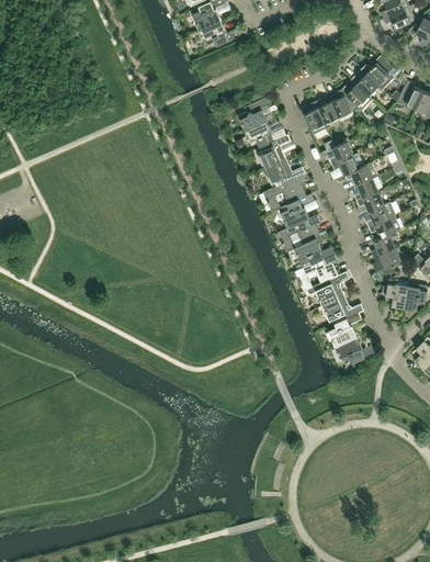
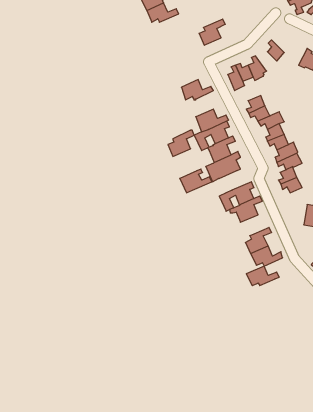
building: [362,59,396,90] -> none
building: [341,85,373,114] -> none
building: [238,97,272,131] -> [199,19,225,45]
building: [257,135,291,169] -> [168,130,194,156]
building: [294,237,336,268] -> [180,169,212,193]
building: [382,279,408,310] -> none
building: [321,296,364,322] -> [246,266,279,286]

